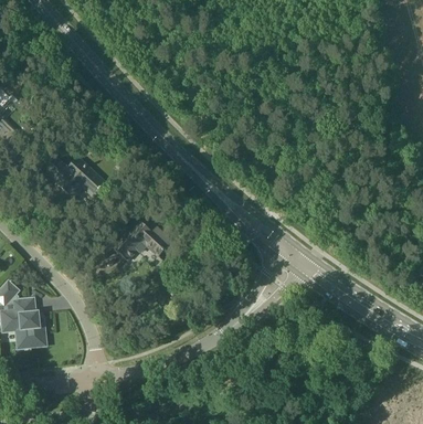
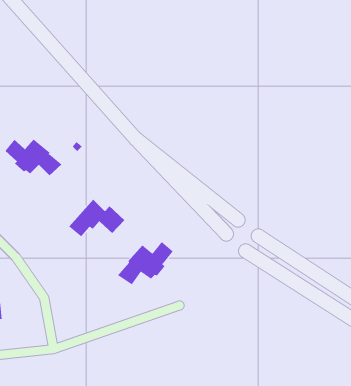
building: none -> [117,241,173,285]

